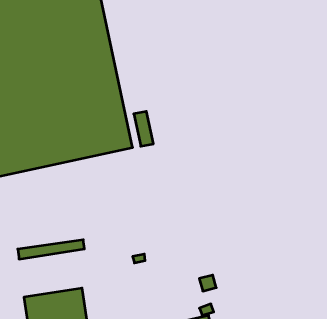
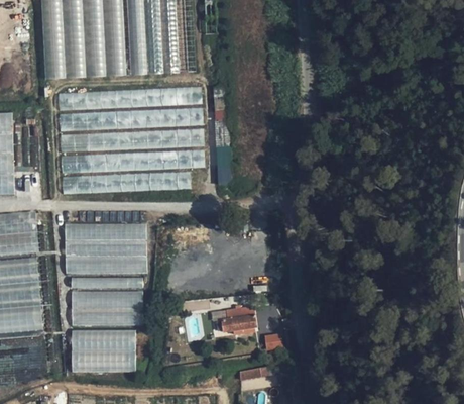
building: none -> [64,222,146,275]
building: none -> [70,290,142,325]
building: none -> [221,306,257,332]

